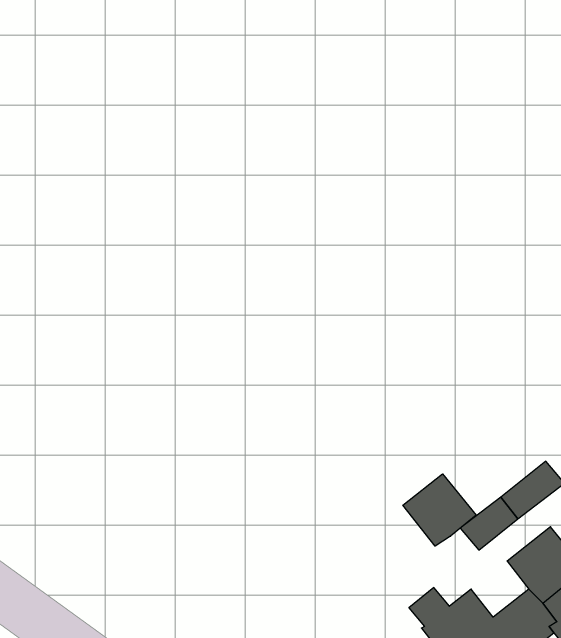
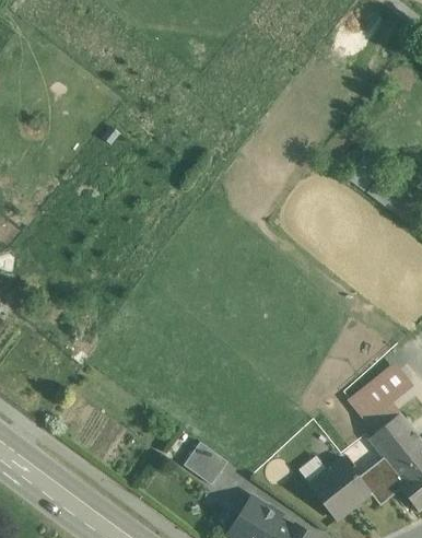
building: [403,474,476,546] -> none
building: none -> [184,441,227,484]

